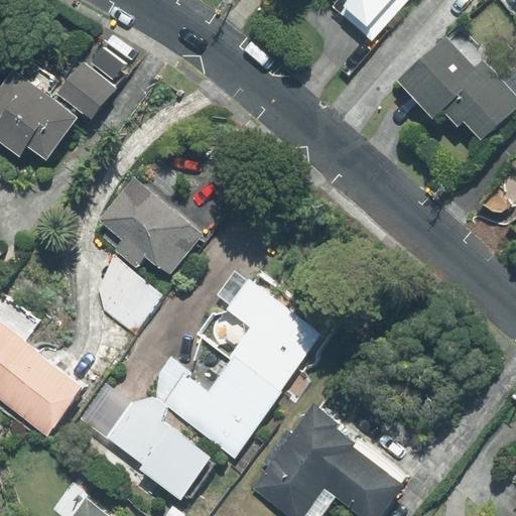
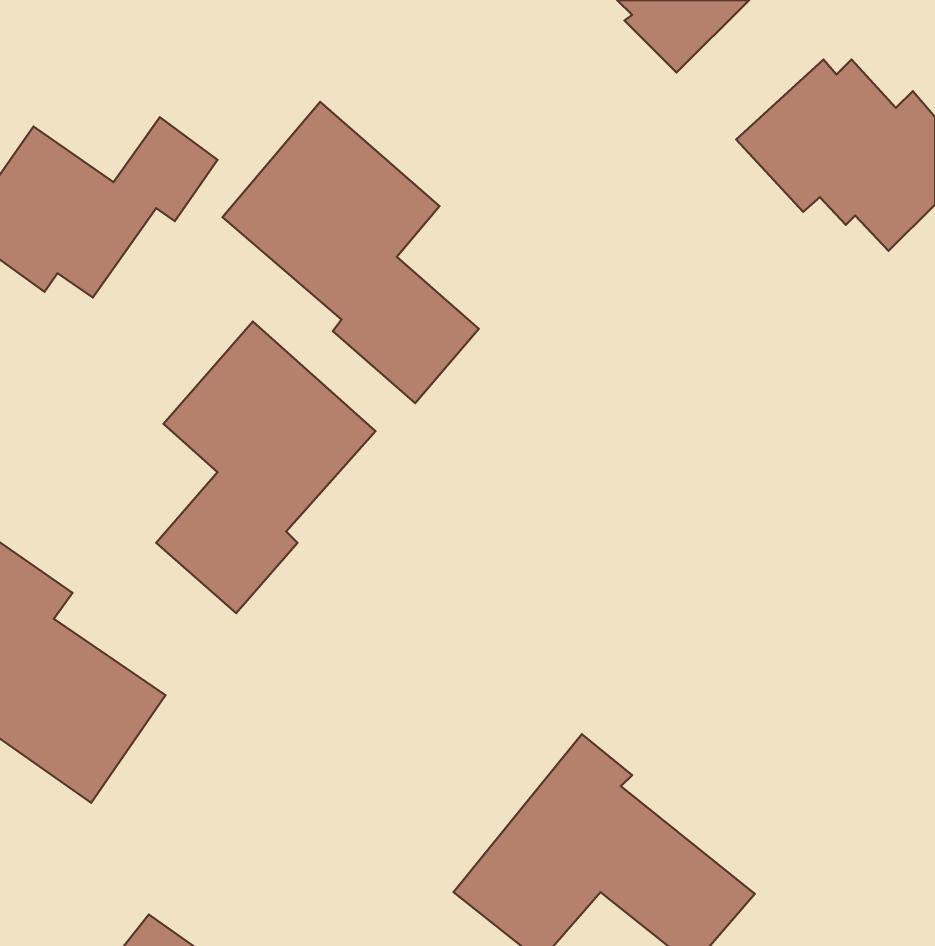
building: none -> [223,102,479,403]
building: [88,283,317,495] -> none

